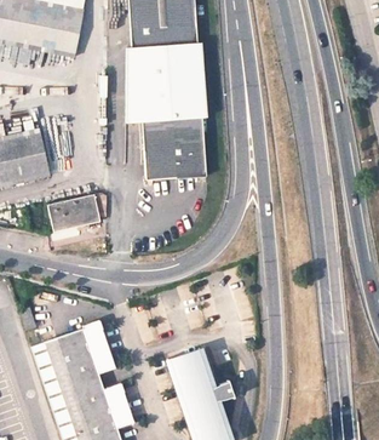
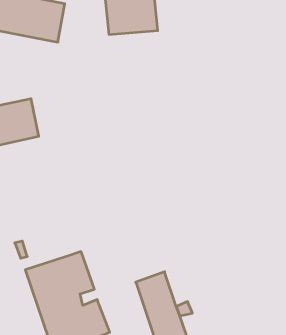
building: [125,42,205,179] -> none
building: [46,194,99,230] -> none

